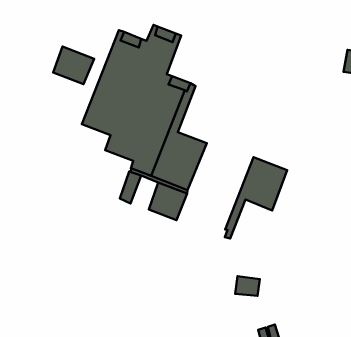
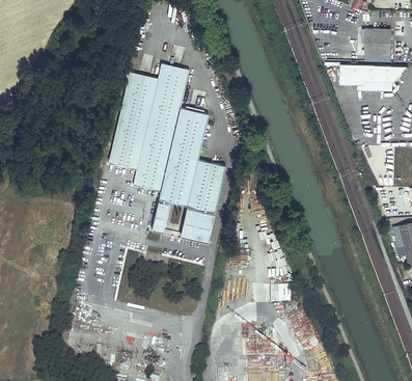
building: [53,46,94,84] -> none
building: [225,157,287,238] -> none

